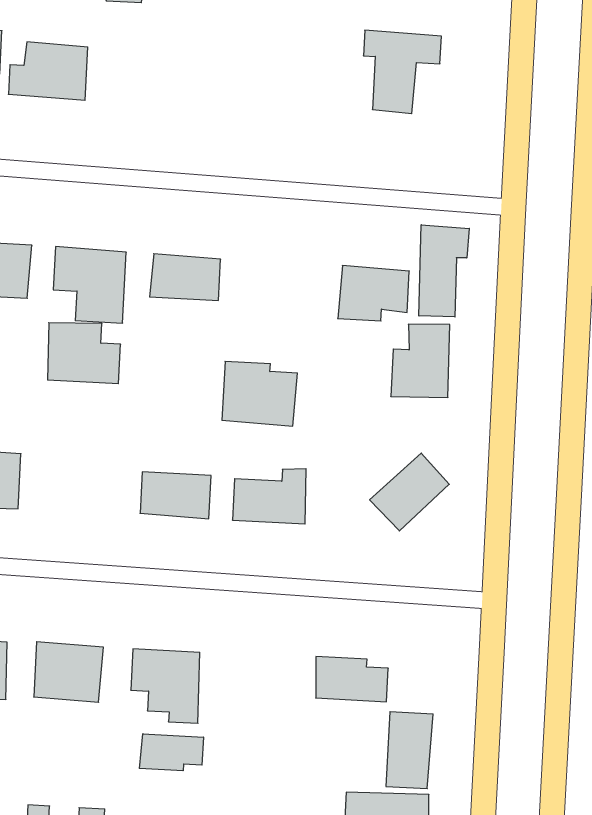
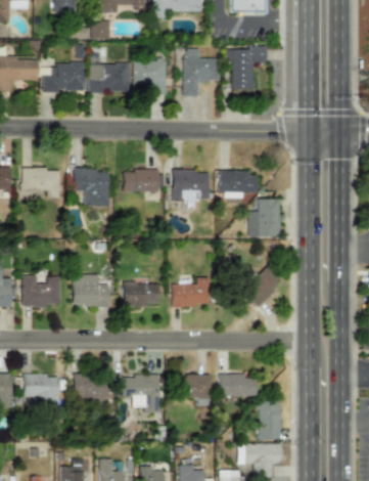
building: none -> [184,48,220,95]
building: none -> [134,59,168,92]
building: none -> [89,62,130,93]
building: [419,225,469,317] -> none
building: [48,323,121,384] -> [72,274,109,305]
building: [222,361,297,426] -> [173,169,211,201]
building: none -> [184,374,211,405]
building: [139,734,203,771] -> none

